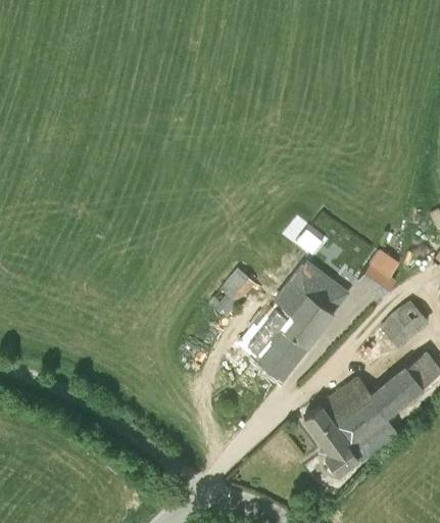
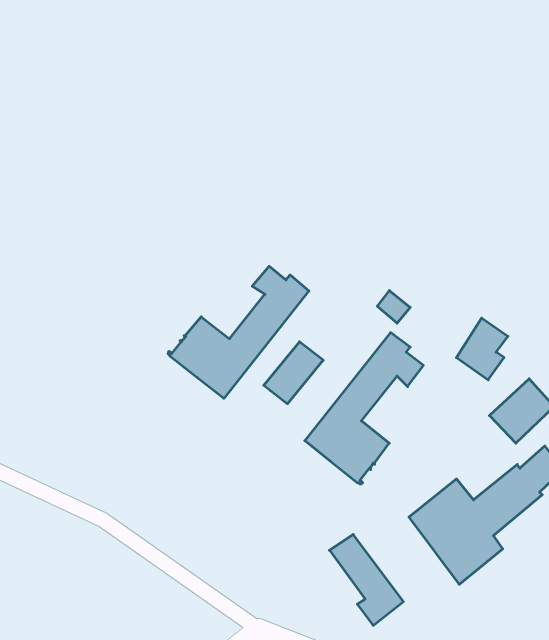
building: none -> [168,266,309,398]
building: [285,288,347,348] -> none
building: [303,406,360,476] -> [329,534,403,625]

